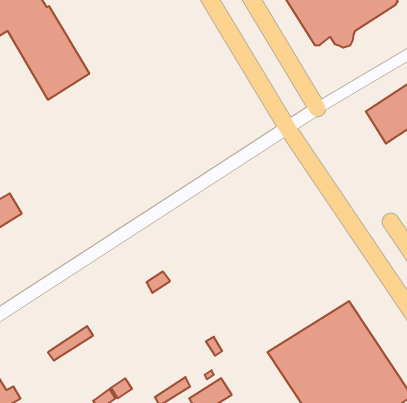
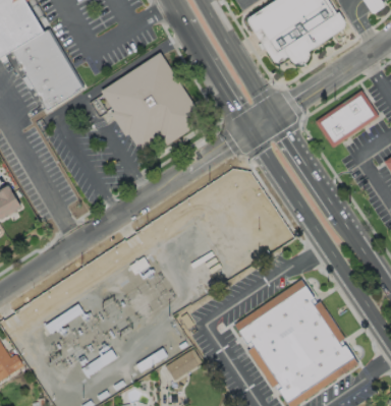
building: none -> [98,52,205,161]

